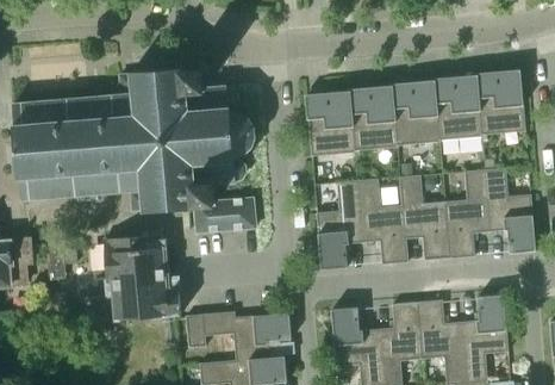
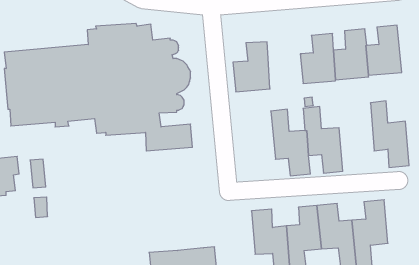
building: [353,85,398,150] -> none
building: [444,169,489,257] -> none
building: [316,180,362,268] -> none
building: [85,234,176,321] -> none
building: [185,311,291,360] -> none

